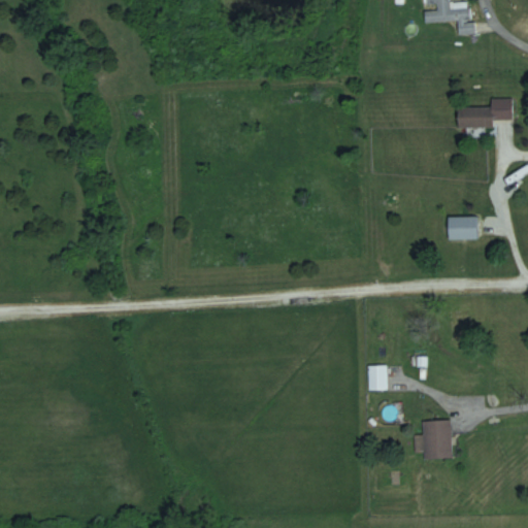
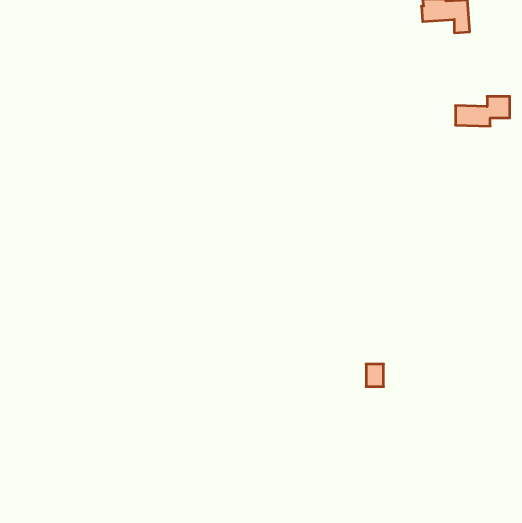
building: [448,216,476,239] -> none
building: [422,421,451,459] -> none

